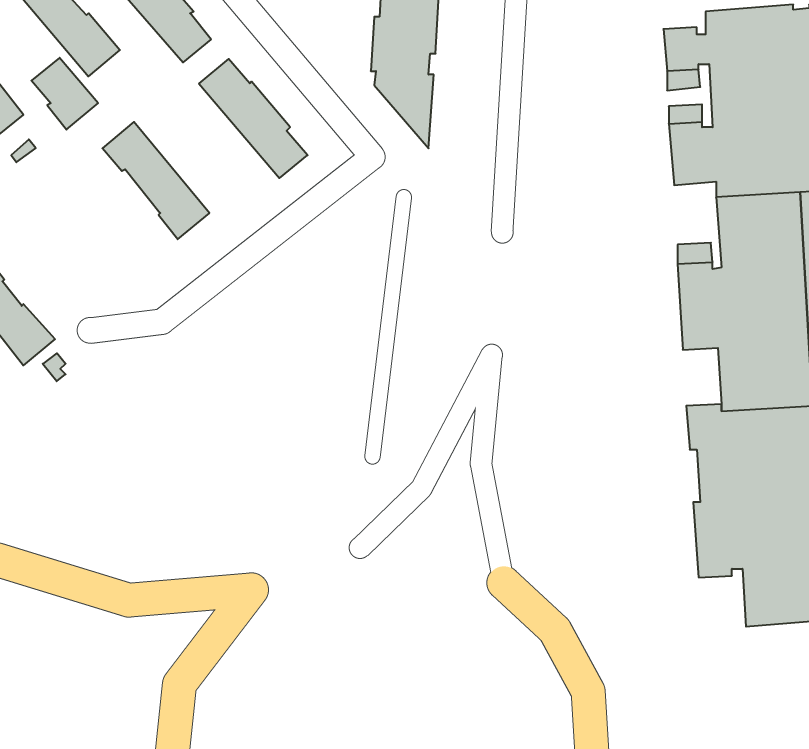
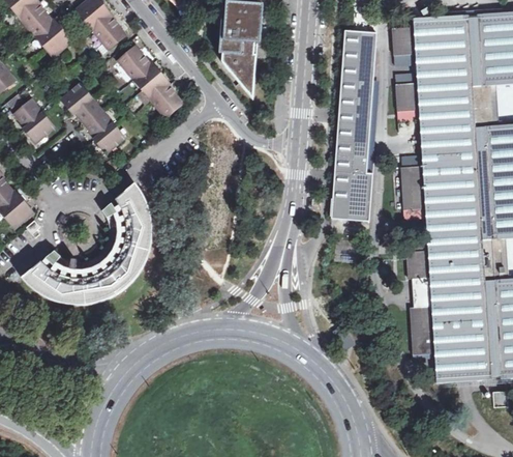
building: none -> [332,31,378,222]
building: [31,58,98,130] -> [16,101,55,143]
building: none -> [21,180,151,305]

